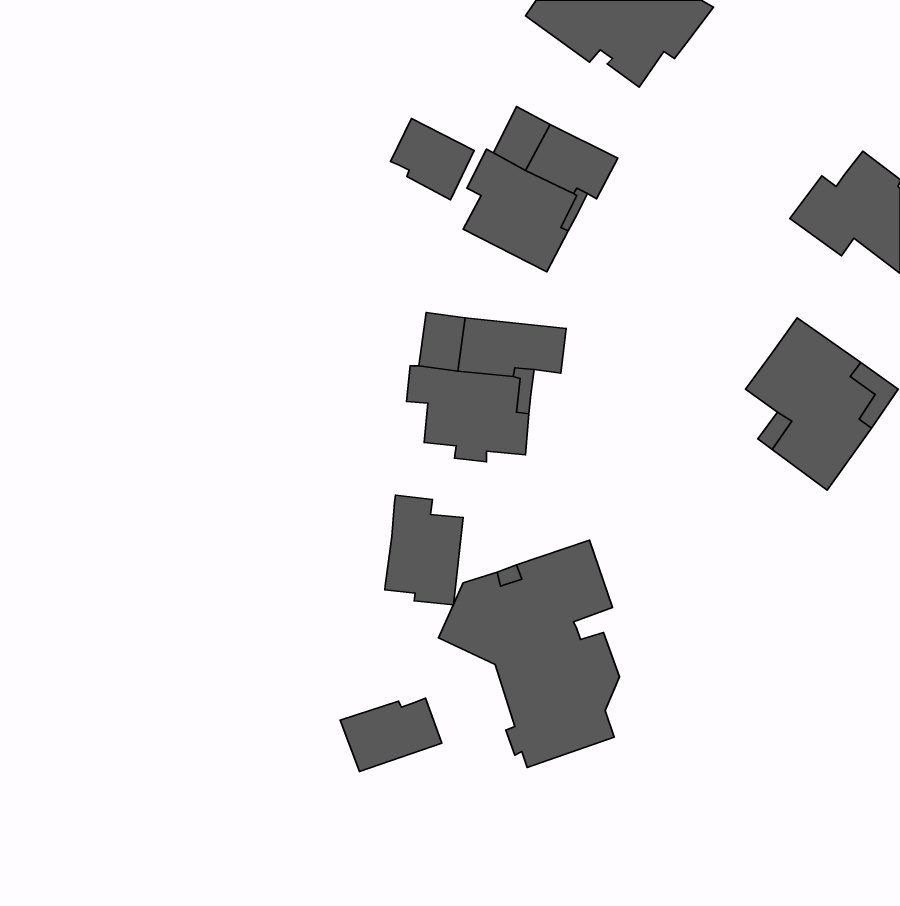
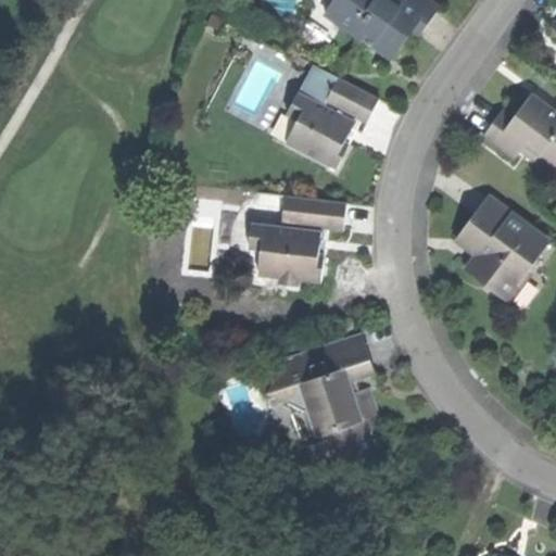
building: [390,119,474,200] -> none
building: [385,495,463,605] -> none
building: [340,698,442,771] -> none

